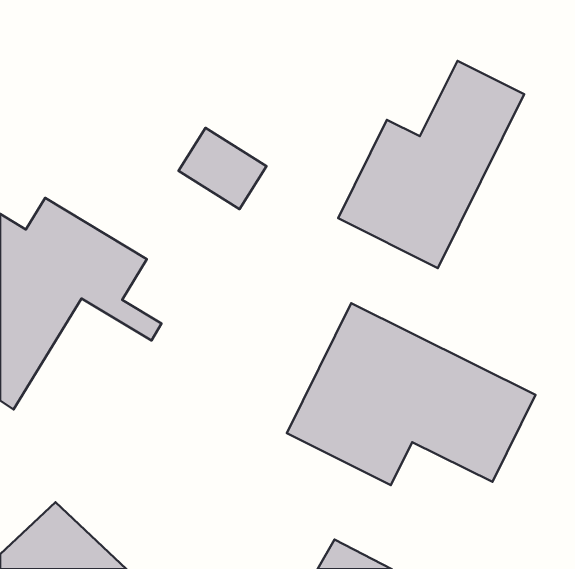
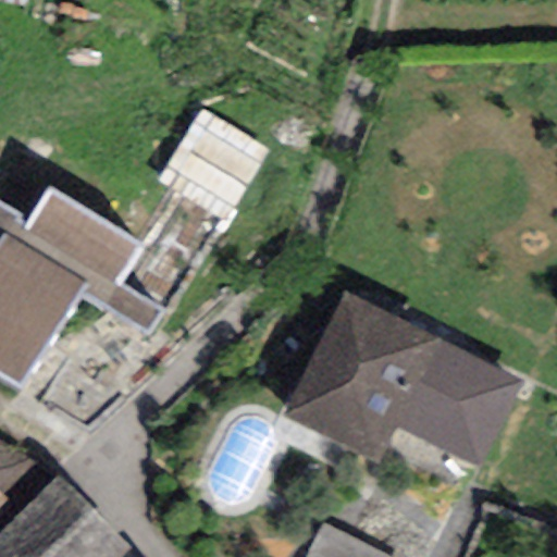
building: [338,61,524,268] -> none

